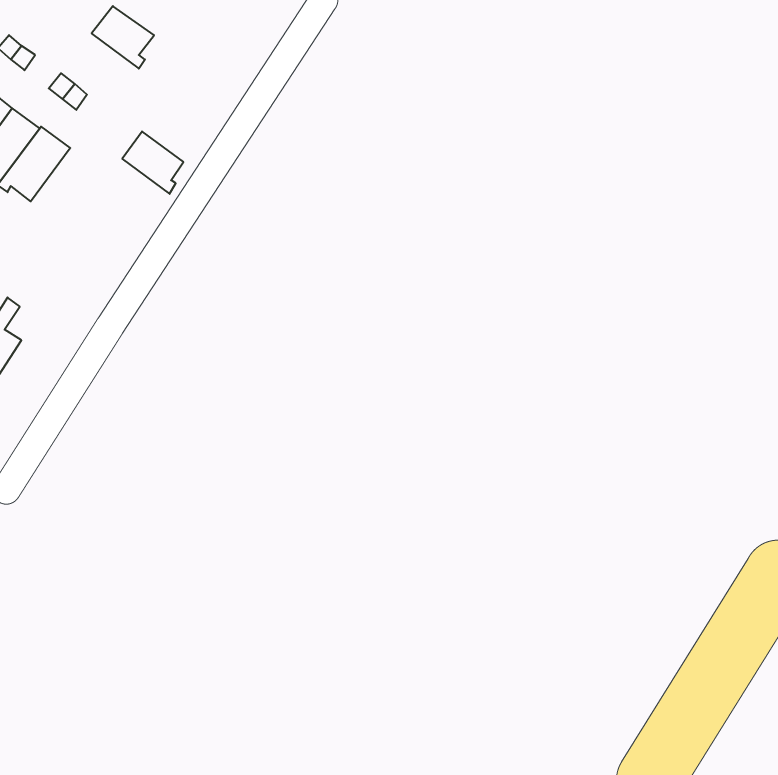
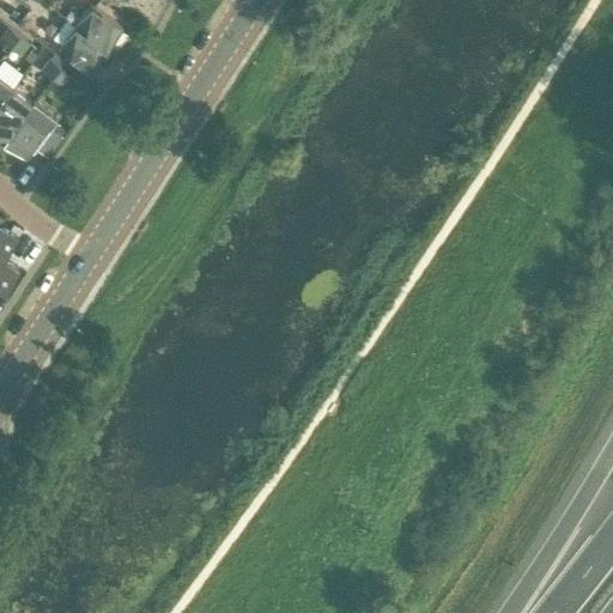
building: [122,131,183,194] -> [56,30,104,79]

